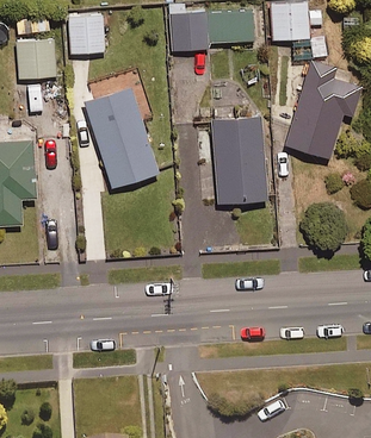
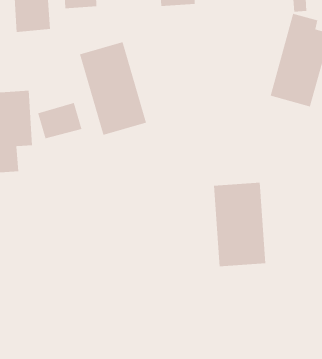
building: [211,113,267,202] -> [213,182,266,267]
building: none -> [38,102,82,139]

